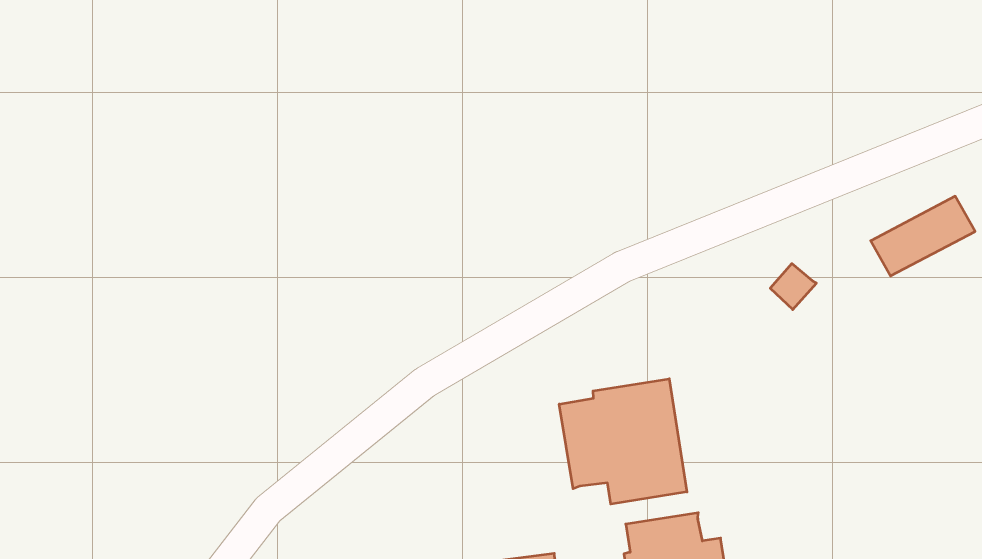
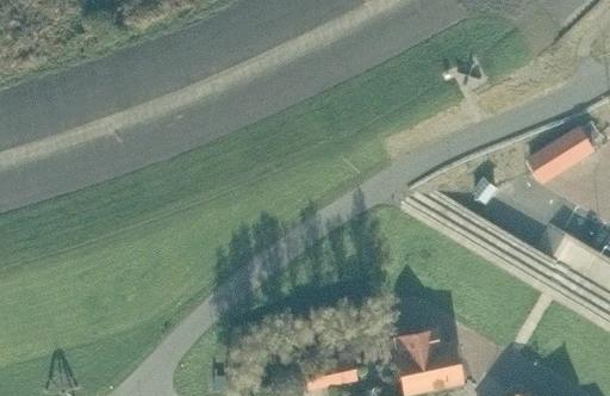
building: [559,379,687,504] -> none

